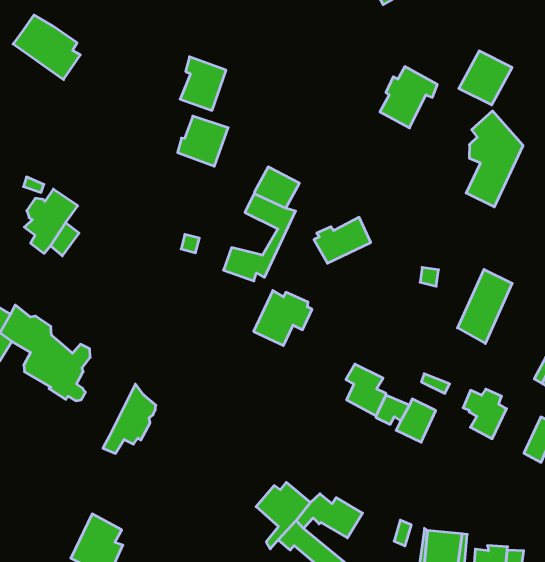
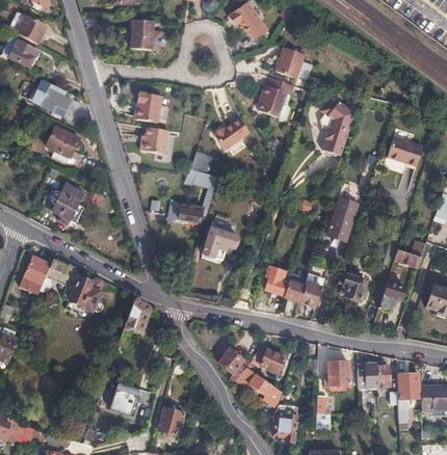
building: [459,51,512,105] -> [278,45,309,77]
building: none -> [46,126,79,163]
building: [314,217,371,263] -> [215,117,251,149]

